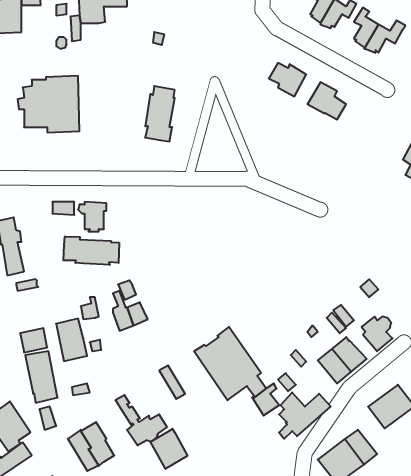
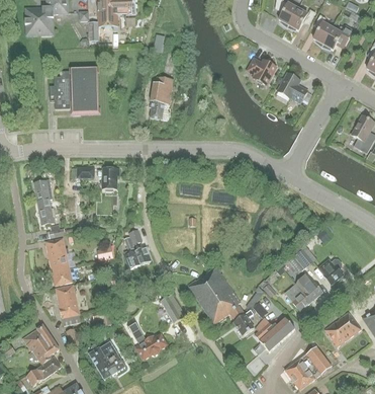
building: [63,236,119,265] -> none
building: [56,319,87,361] -> [45,237,70,270]
building: [151,429,187,469] -> none

